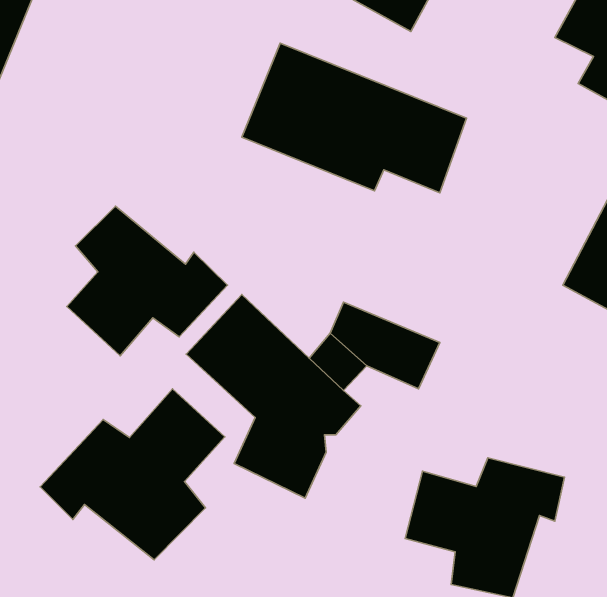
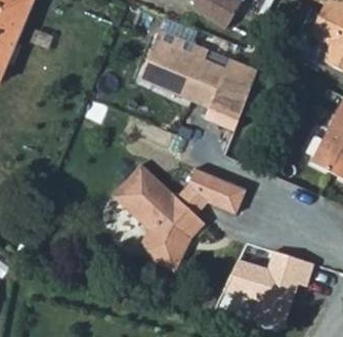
building: [67,206,228,356] -> none
building: [40,389,225,560] -> none

